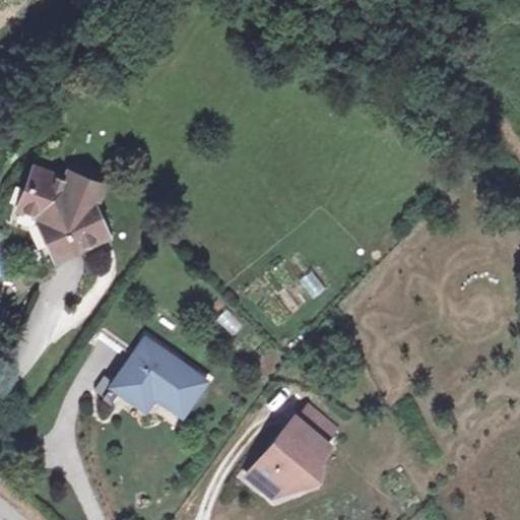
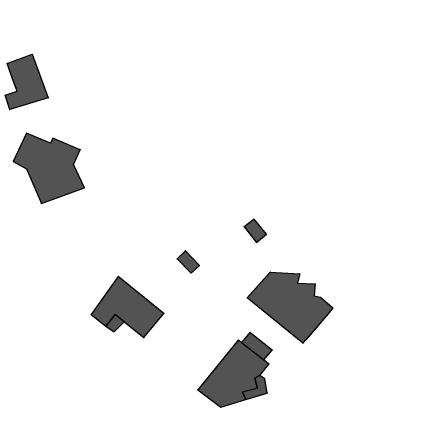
building: none -> [5,54,48,110]
building: none -> [247,272,333,343]

